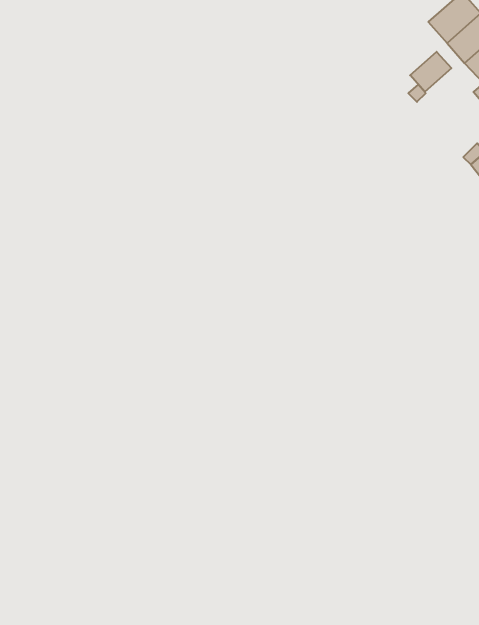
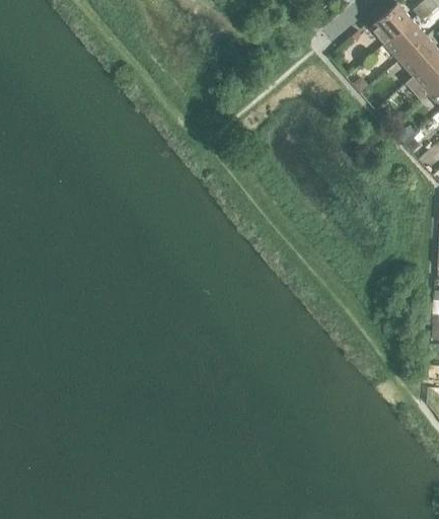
building: [410,52,451,92] -> none

